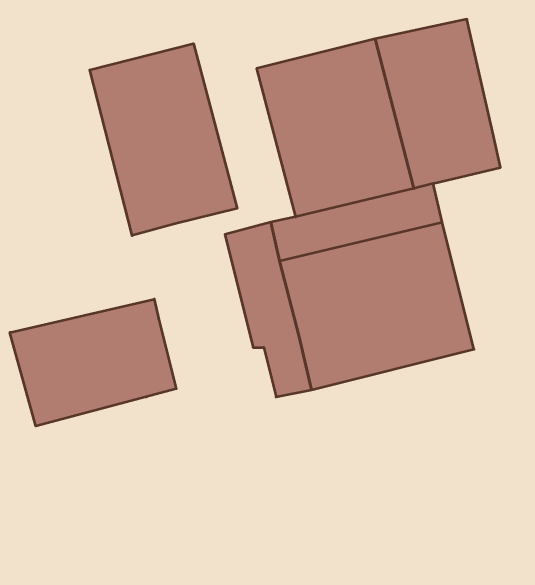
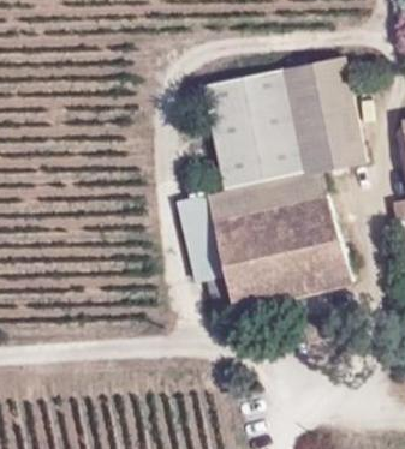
building: [90,44,237,236] -> none
building: [10,299,176,426] -> none

